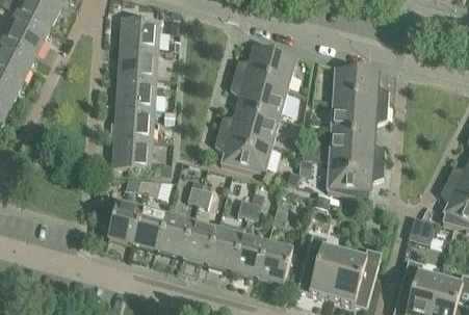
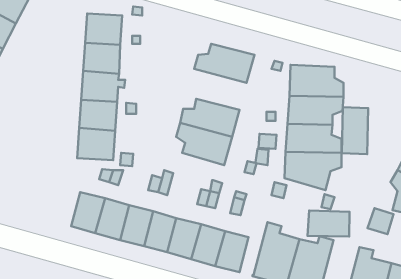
building: [232,74,289,116] -> none
building: none -> [342,107,368,154]
building: none -> [307,211,350,236]

